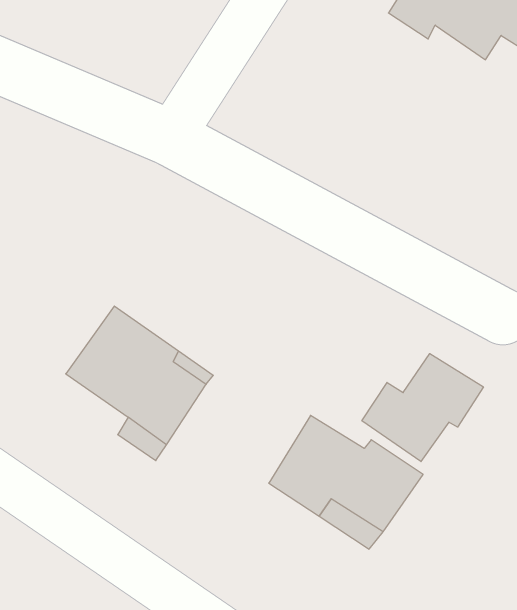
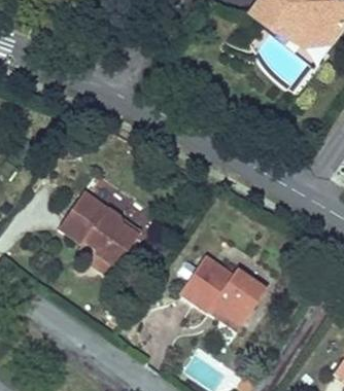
building: [362,354,483,462] -> none

